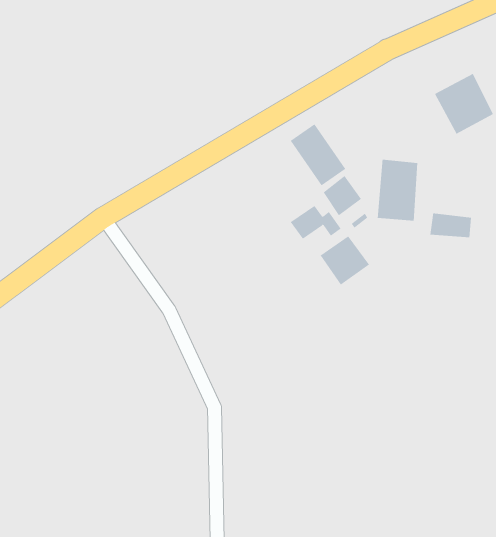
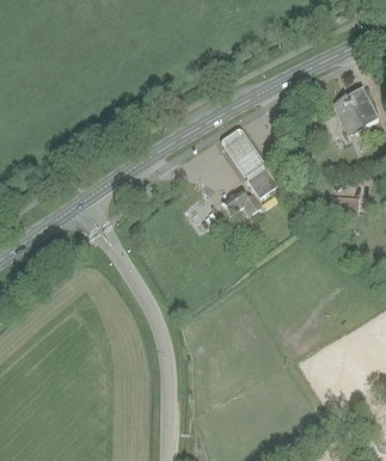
building: [377,159,418,221] -> none
building: [320,236,370,286] -> none

